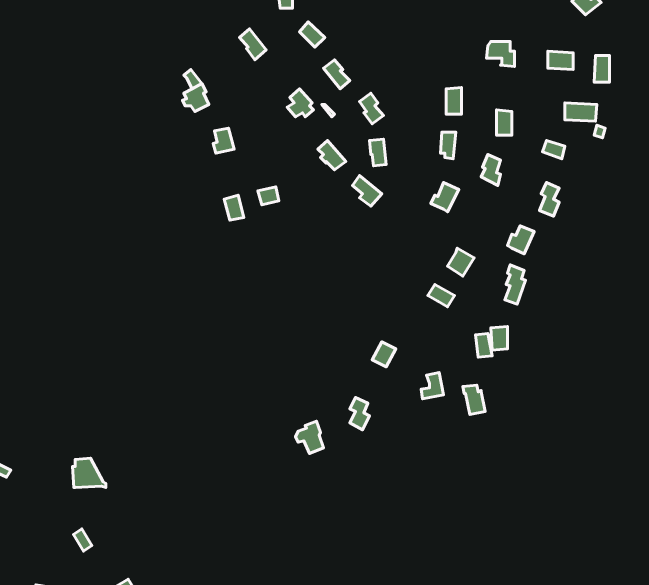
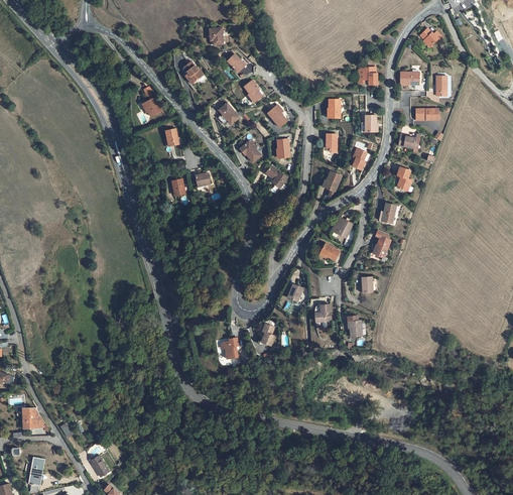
building: [72,458,106,488] -> [24,407,48,428]

